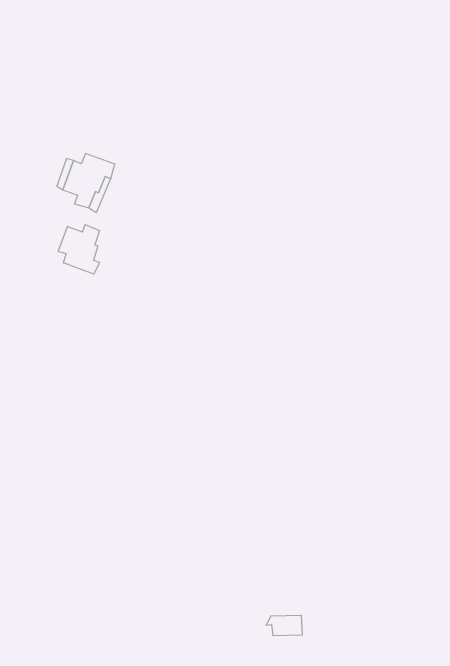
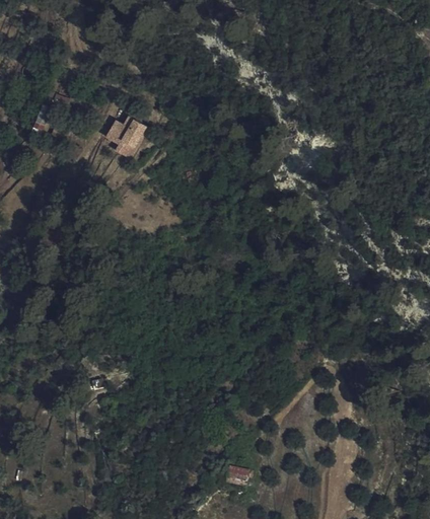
building: [58,224,99,274] -> none

